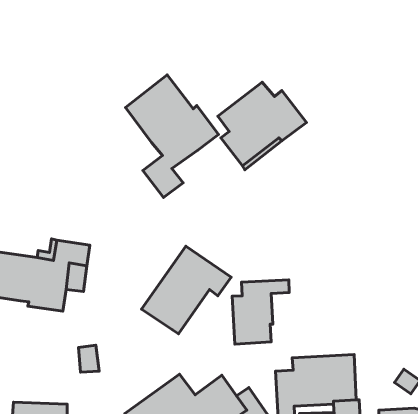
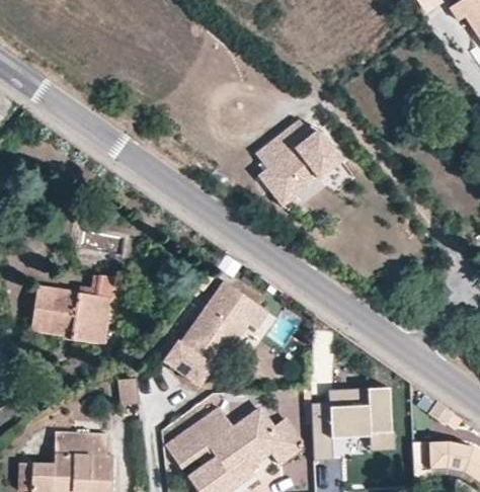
building: [125,75,218,198] -> none
building: [232,280,289,344] -> none
building: none -> [159,337,212,386]

